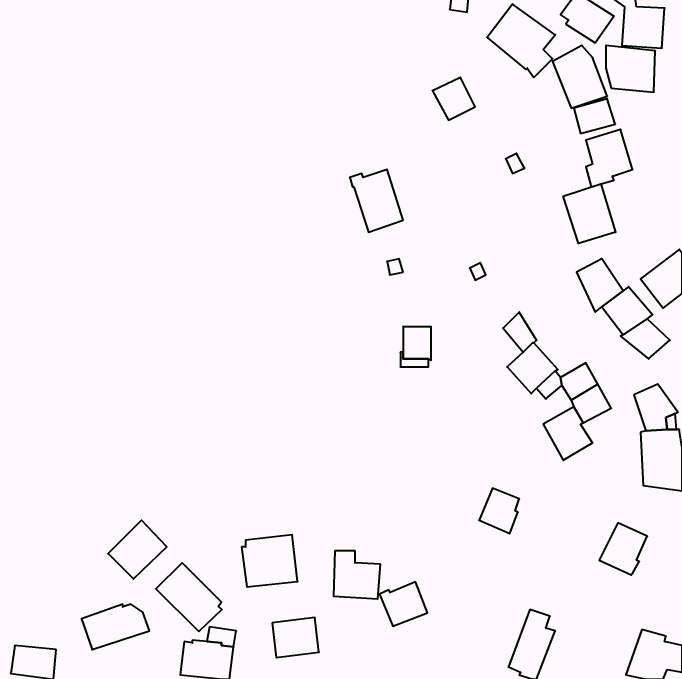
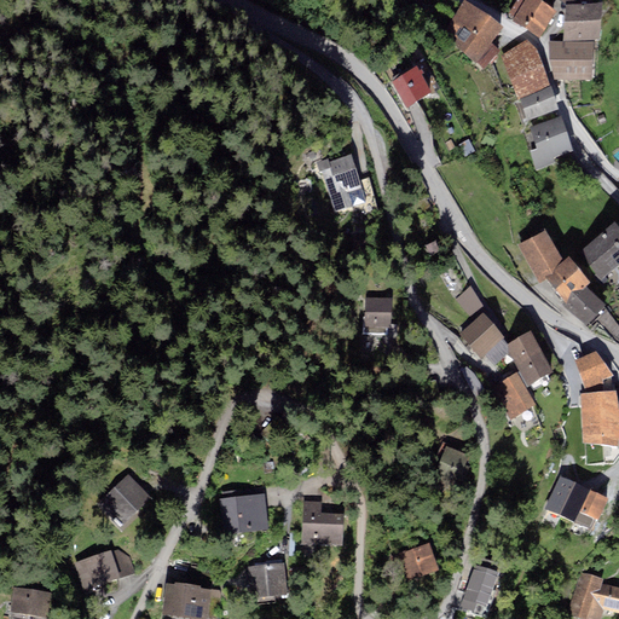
building: [563,184,616,243] -> none
building: none -> [573,486,608,525]
building: [156,563,222,631] -> none
building: [379,582,427,626] -> [397,540,440,580]

